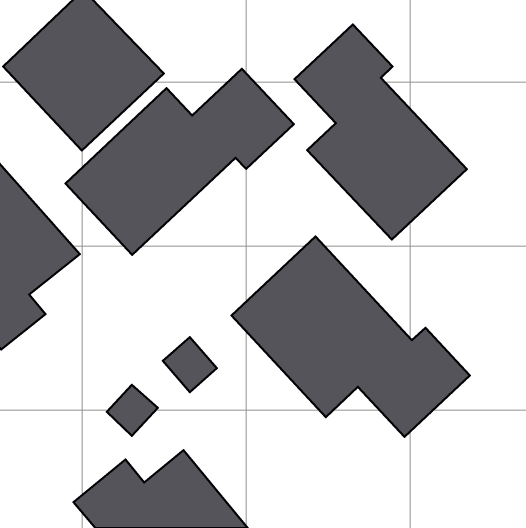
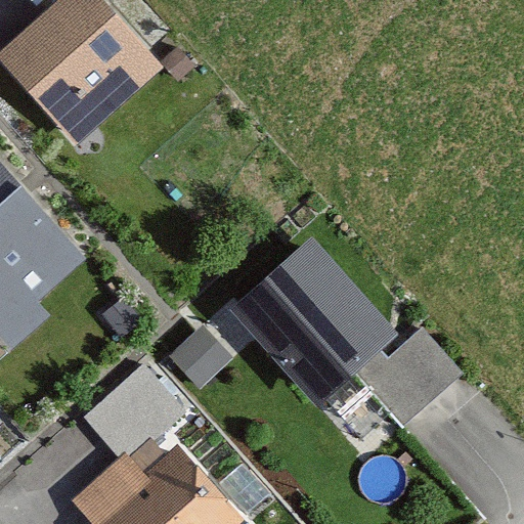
building: [295,24,467,240] -> none
building: [65,69,294,255] -> none

